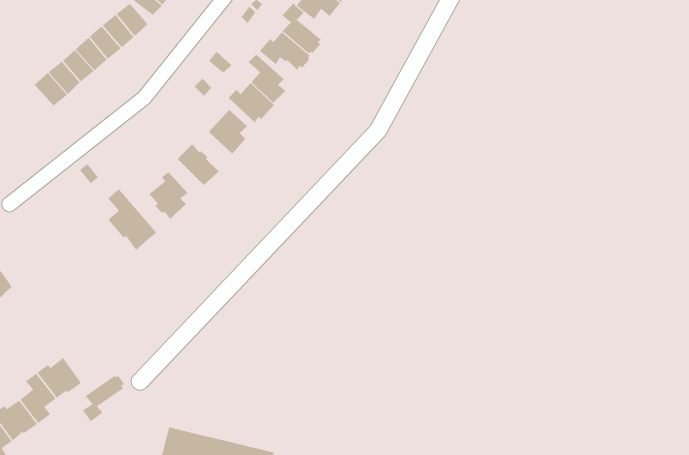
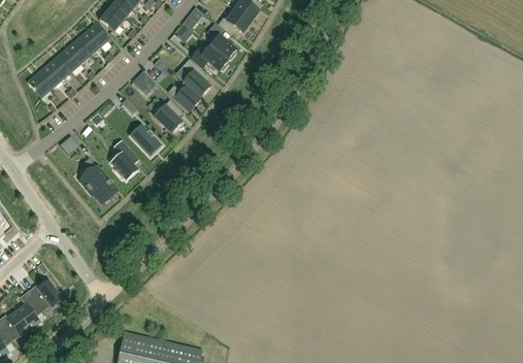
building: [82,374,125,422] -> none

